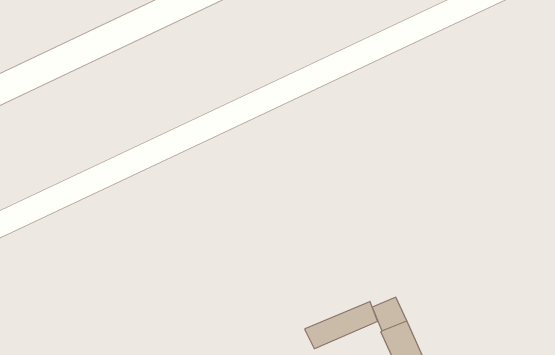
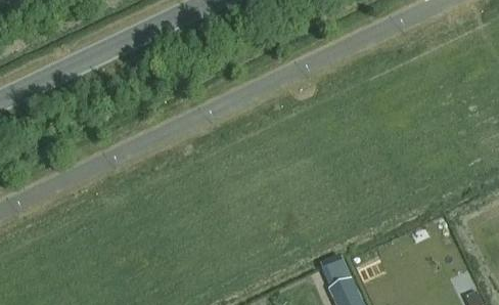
building: [305,301,377,349] -> none

